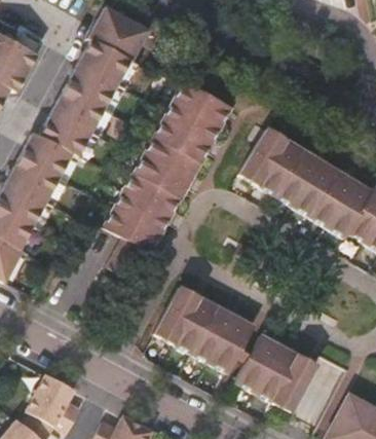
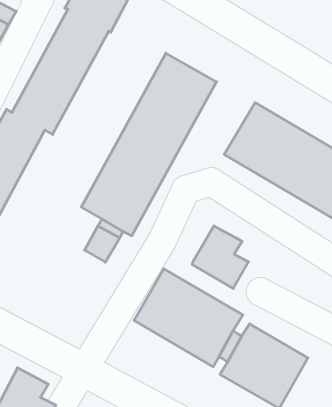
building: none -> [192,226,249,289]

